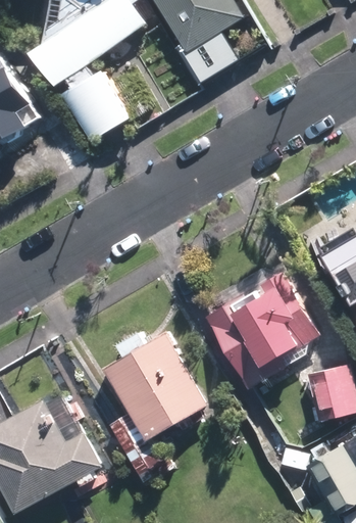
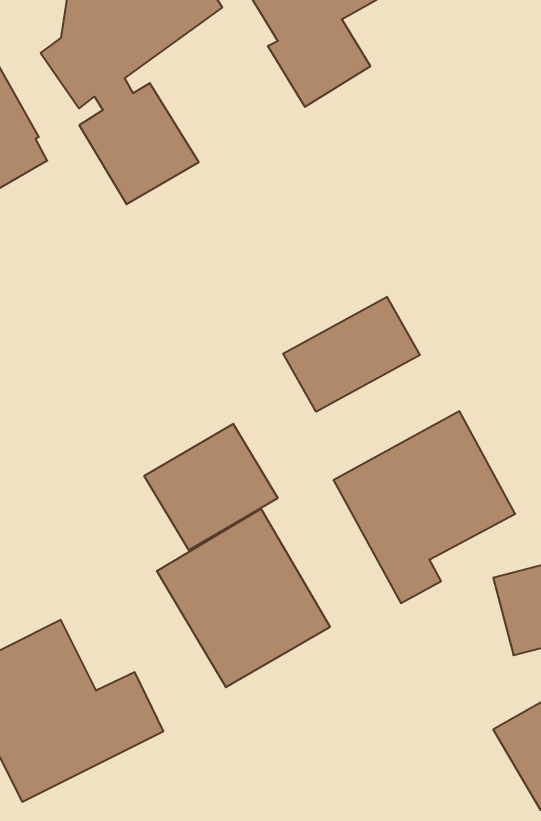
building: none -> [283,297,420,412]
building: none -> [144,424,278,550]

